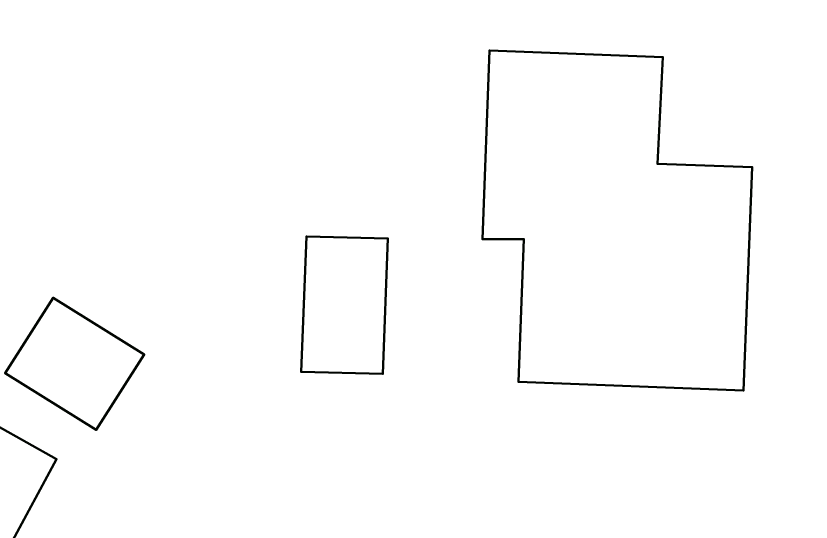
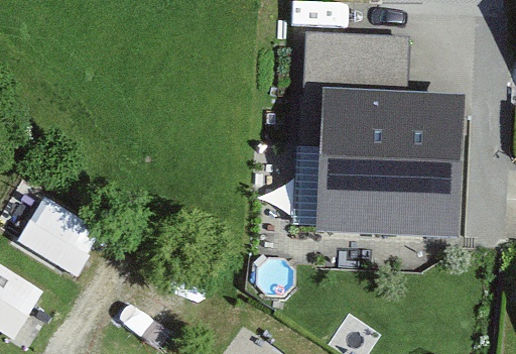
building: [301,237,388,374] -> none

